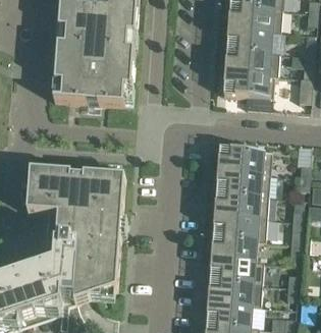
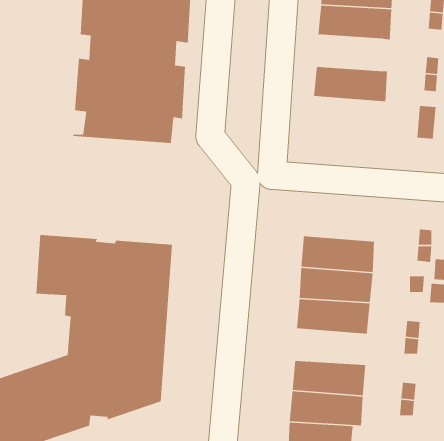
building: [226,27,273,53] -> none
building: [223,71,276,98] -> none
building: [217,148,270,174] -> none
building: [211,236,263,262] -> none

